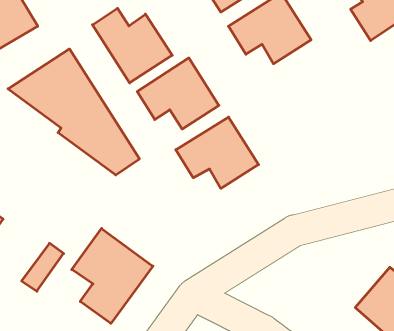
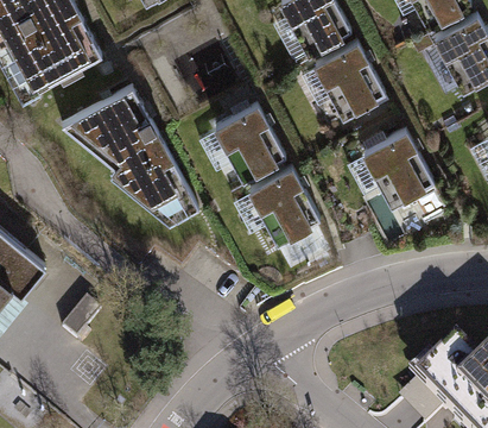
building: [92,8,172,83] -> none
building: none -> [348,127,433,202]
building: [72,228,153,323] -> none

